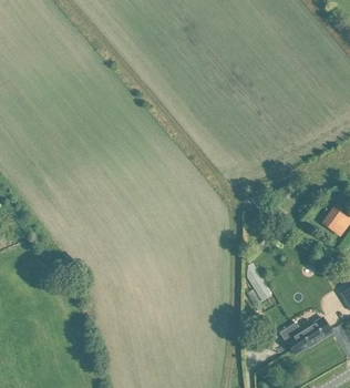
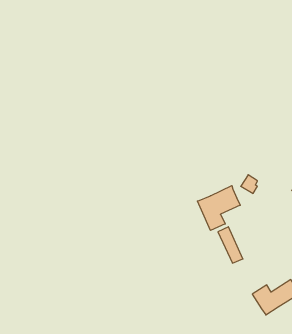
building: none -> [197,186,240,230]

